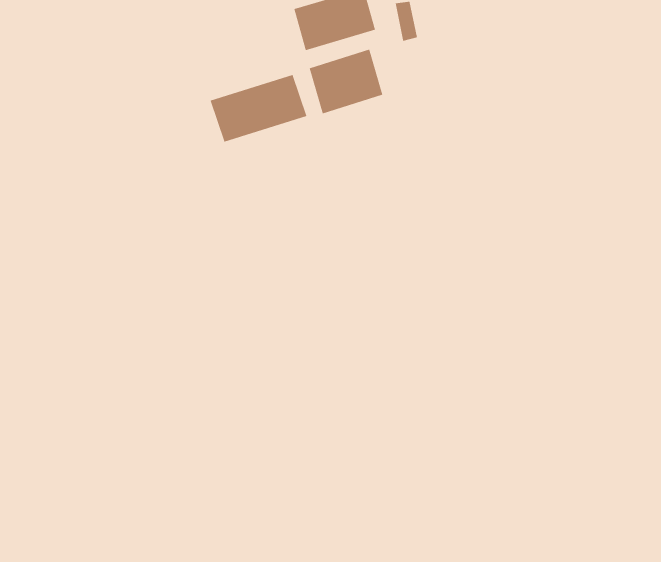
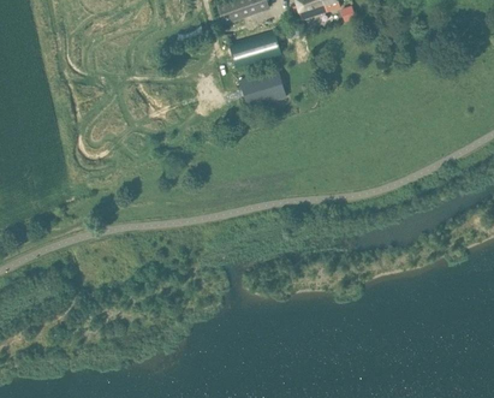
building: [210,74,307,142] -> none

